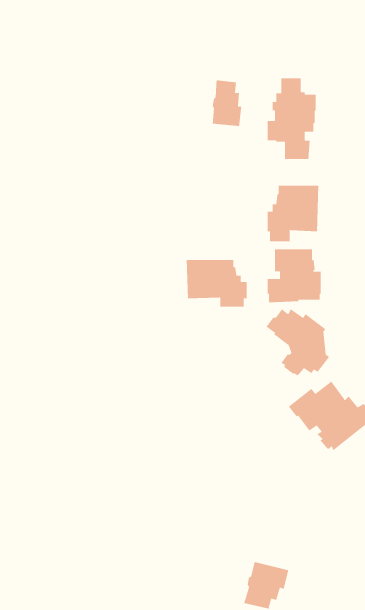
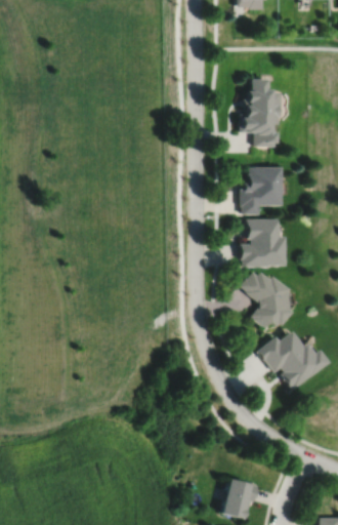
building: [212,79,242,127] -> none
building: [186,259,247,308] -> none

